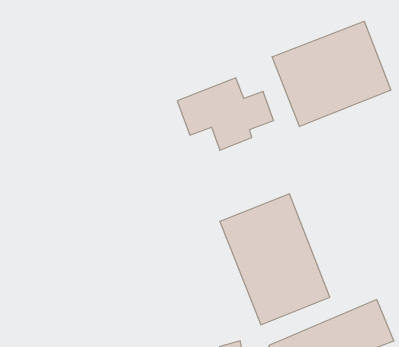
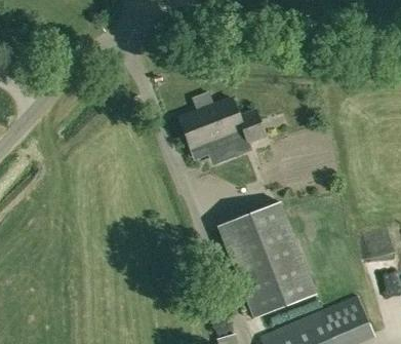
building: [272,21,391,127] -> none

